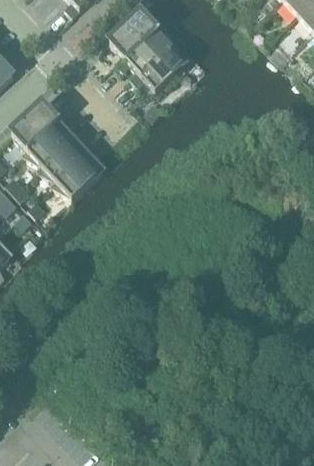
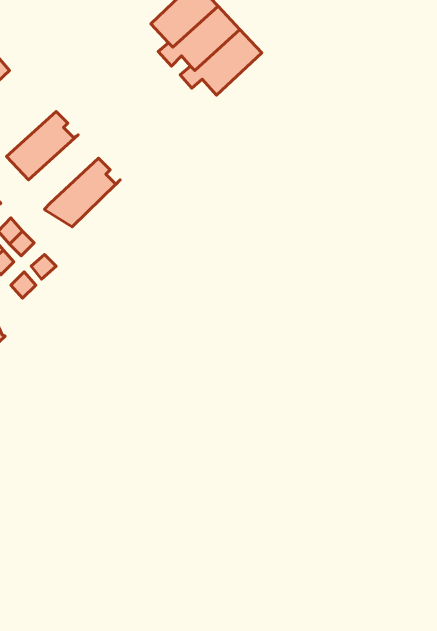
building: [21,115,73,162] -> none
building: [50,146,101,195] -> none

